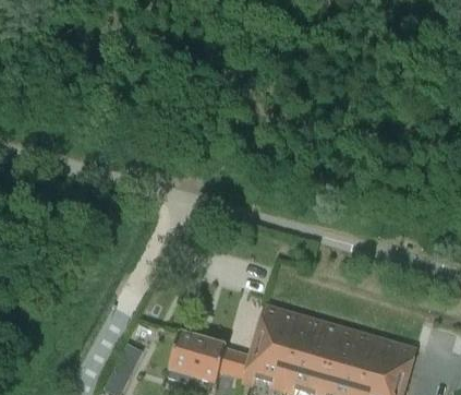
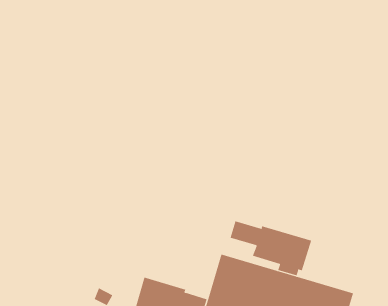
building: none -> [230,221,312,276]

